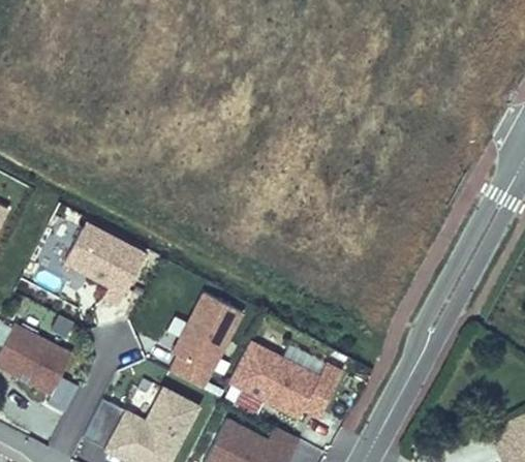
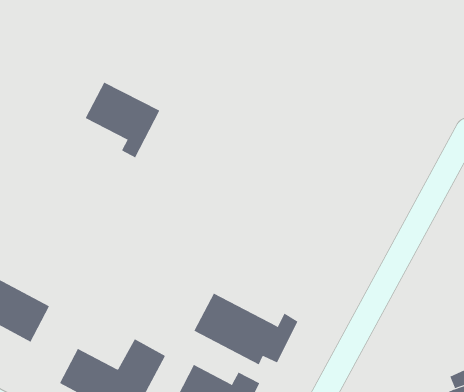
building: [63,224,145,307] -> [85,82,160,158]
building: [169,292,241,388] -> none

